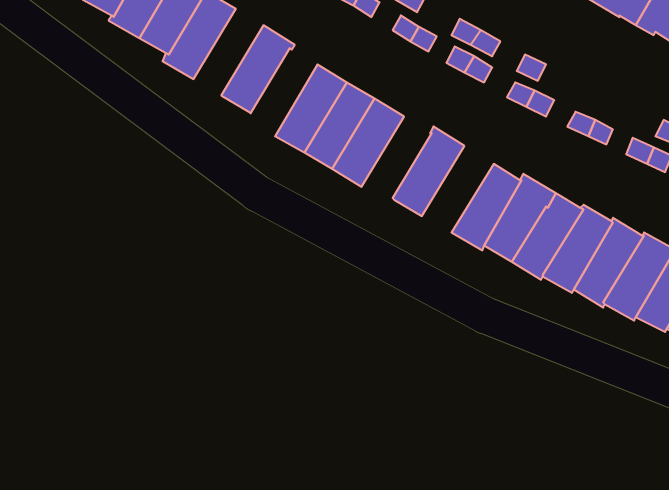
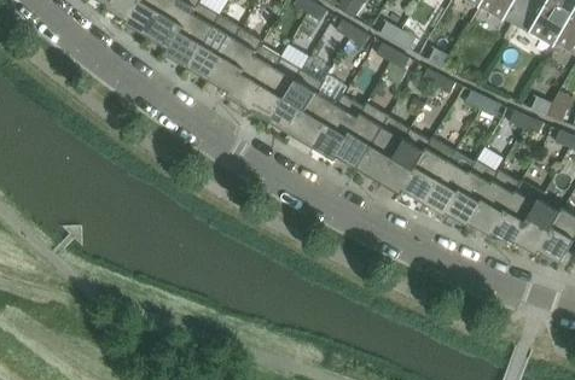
building: none -> [188,14,240,78]
building: none -> [227,43,280,109]
building: none -> [313,94,365,159]
building: none -> [358,116,411,180]

